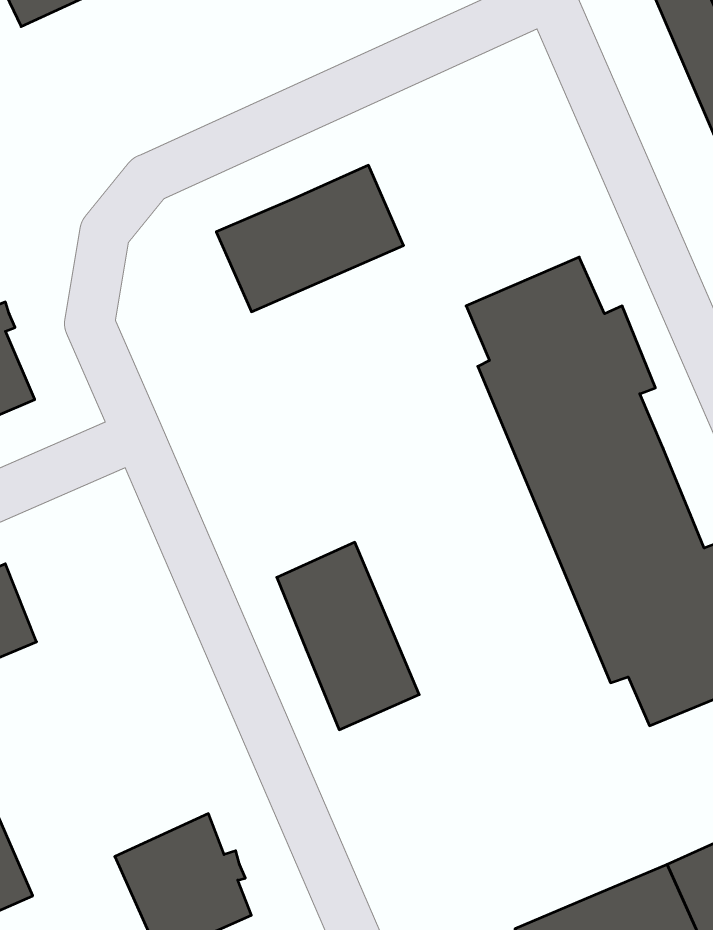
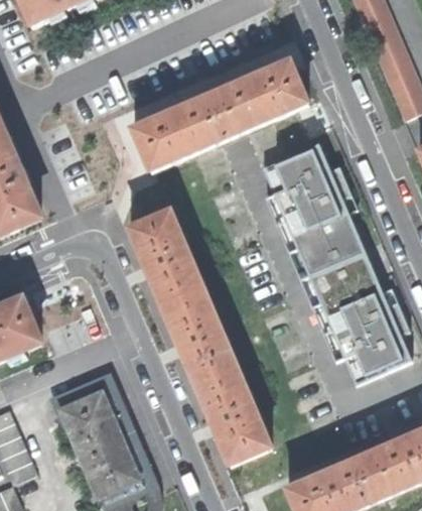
building: none -> [210,61,307,136]
building: none -> [130,210,203,307]
building: none -> [195,368,269,465]
building: none -> [51,379,128,452]

